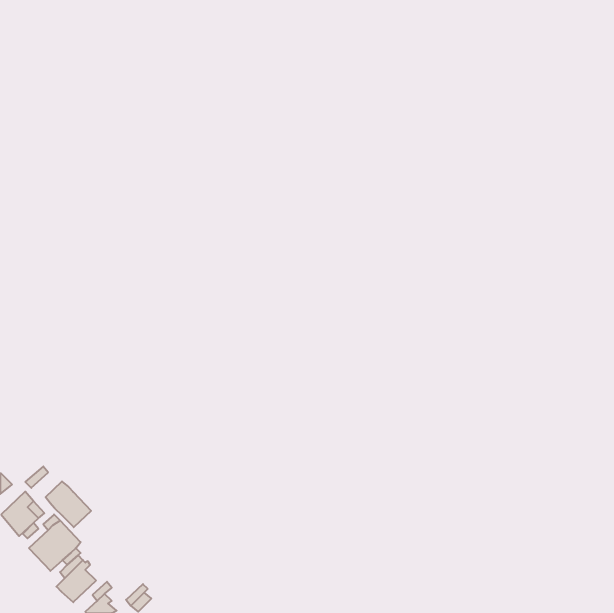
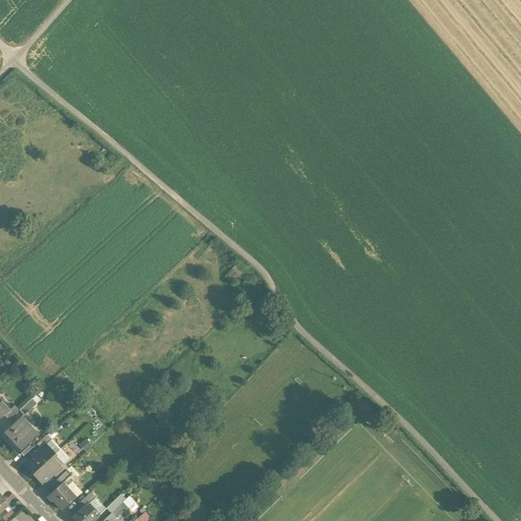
building: [46,481,91,527] -> none

